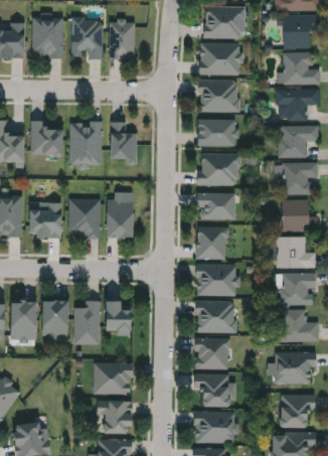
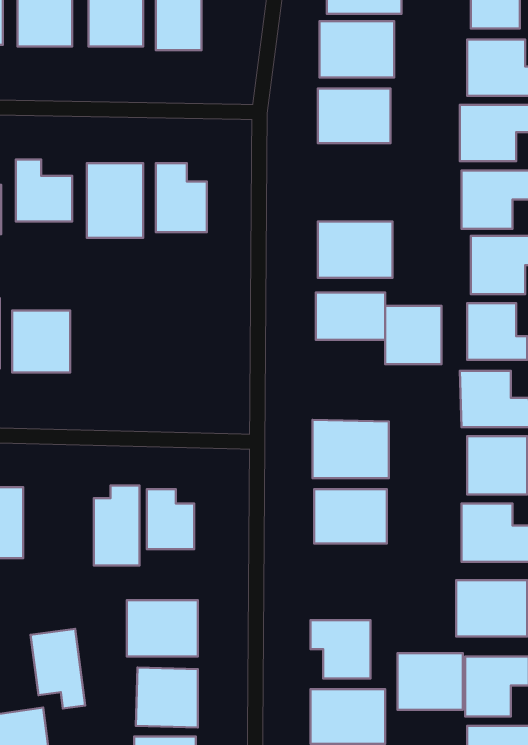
building: [197,120,236,146] -> none
building: [106,197,131,237] -> none
building: [70,199,101,238] -> none
building: [197,226,228,259] -> [385,306,442,364]
building: [42,301,67,337] -> none
building: [195,338,231,369] -> [397,653,463,710]
building: none -> [31,629,85,708]

